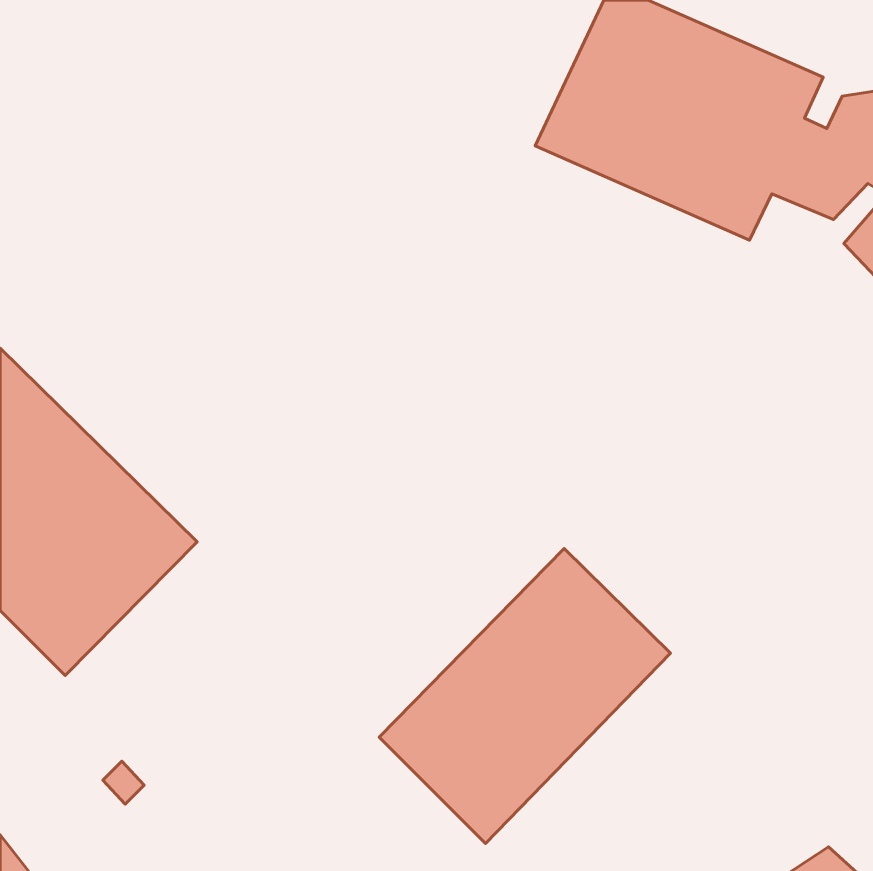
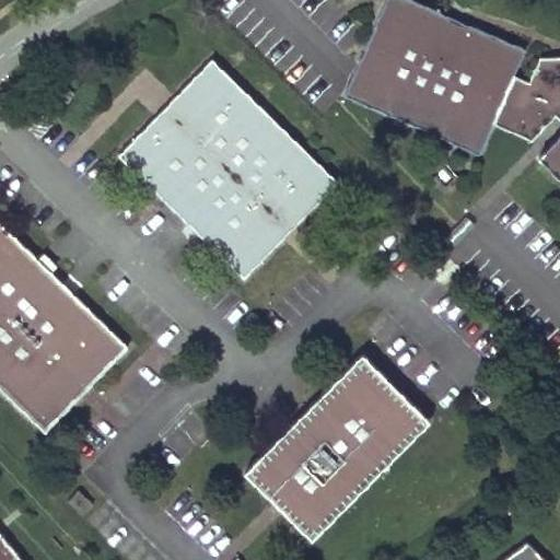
building: none -> [118,61,338,279]

